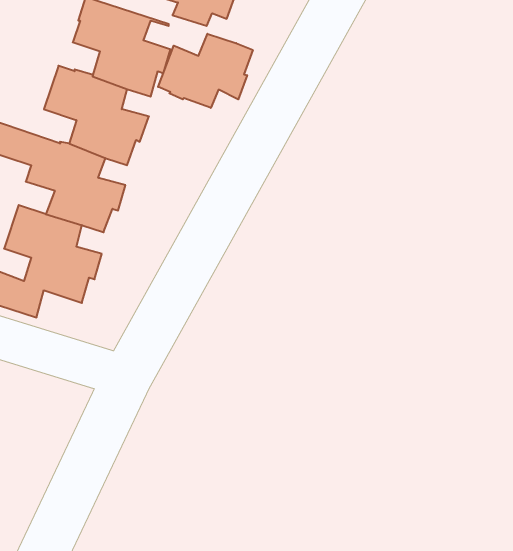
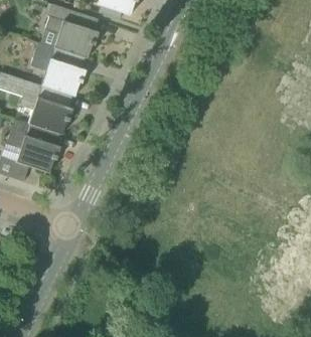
building: [158,34,253,108] -> none

